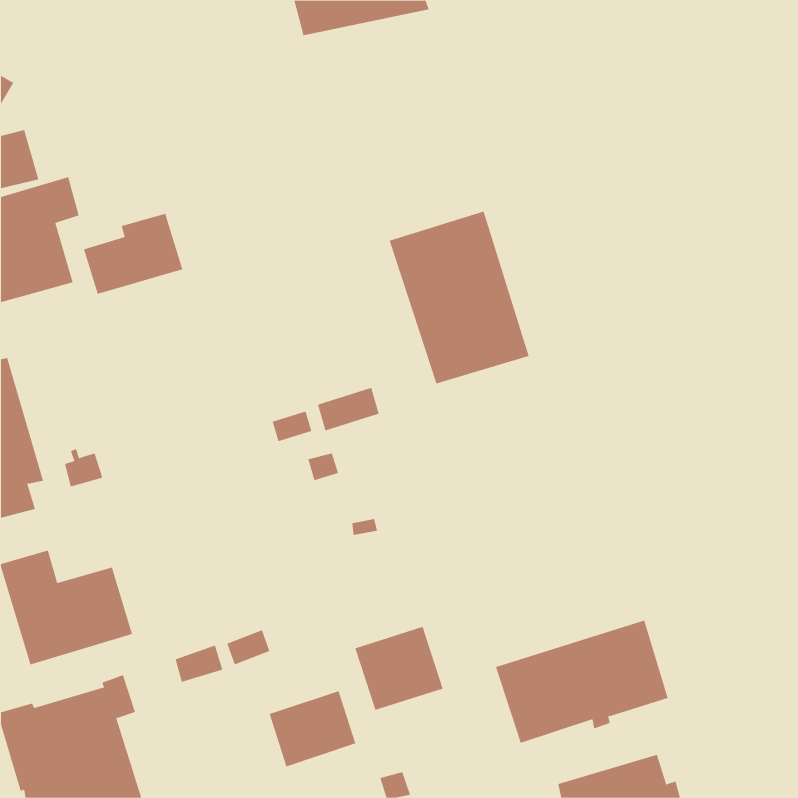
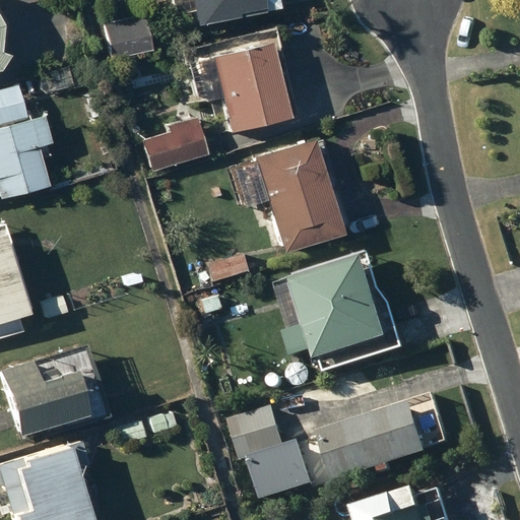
building: none -> [104,14,149,57]
building: none -> [211,42,289,132]
building: [83,213,183,295] -> [142,116,207,169]
building: none -> [283,260,398,364]
building: [269,690,356,767] -> [255,448,312,498]

